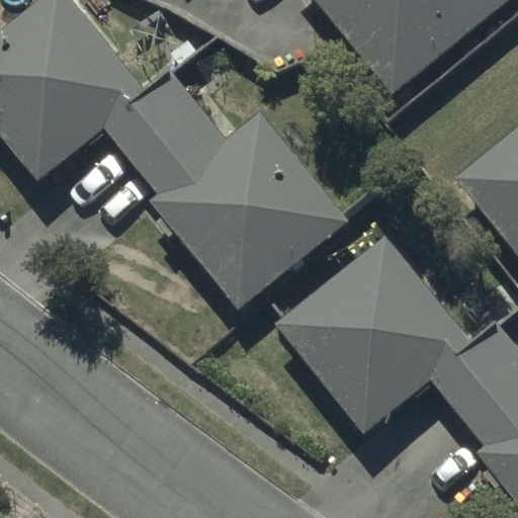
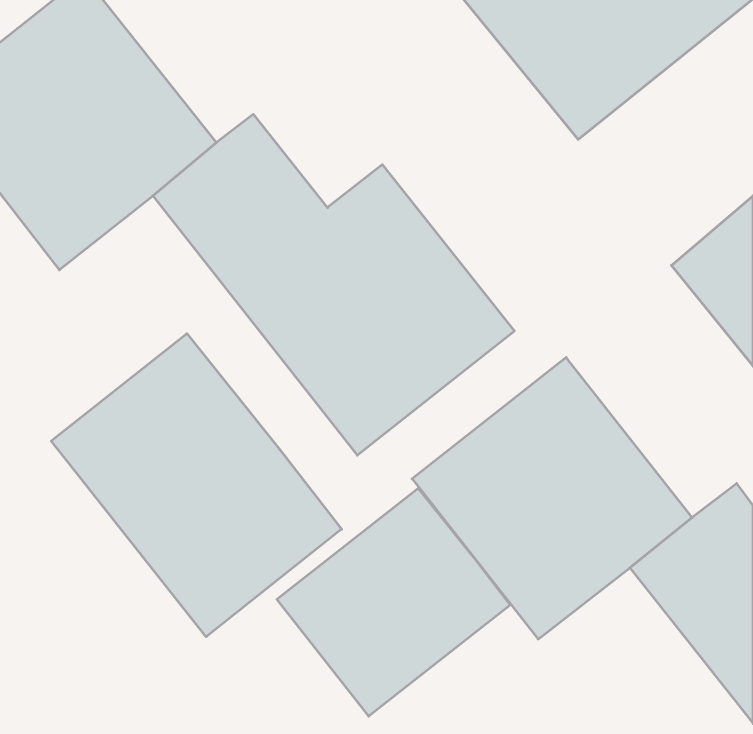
building: none -> [51,334,342,637]
building: none -> [277,488,510,716]

